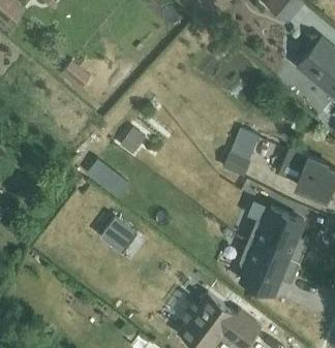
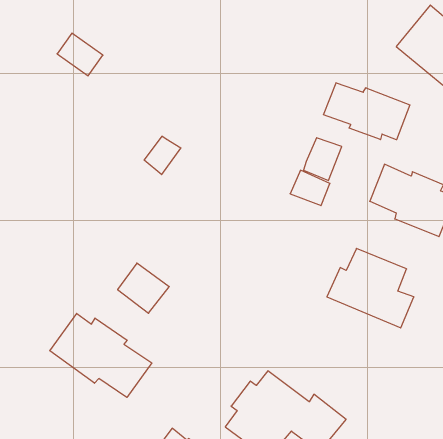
building: none -> [324,83,410,140]
building: [93,162,129,196] -> none
building: [239,241,300,294] -> none
building: none -> [50,313,152,397]

